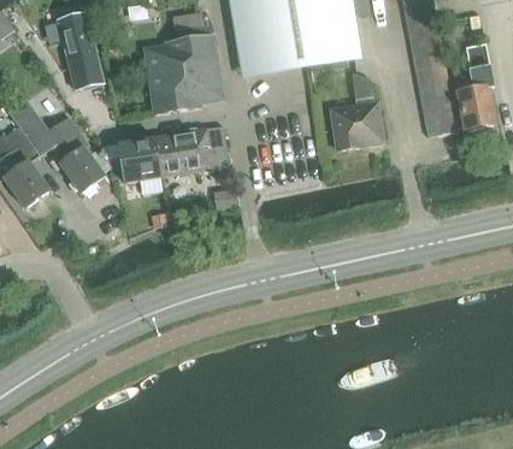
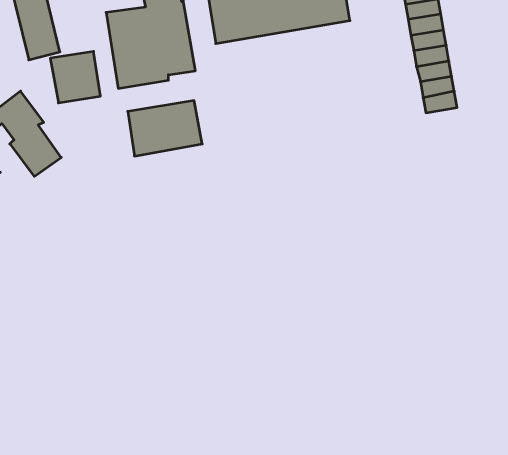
building: [458,43,495,129] -> none
building: [330,73,382,149] -> none
building: [124,135,169,181] -> [50,51,100,103]

